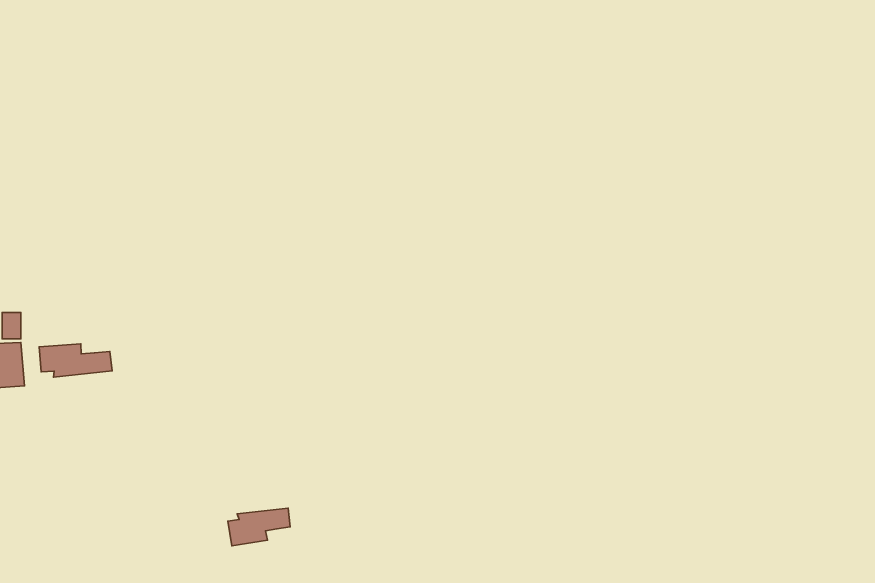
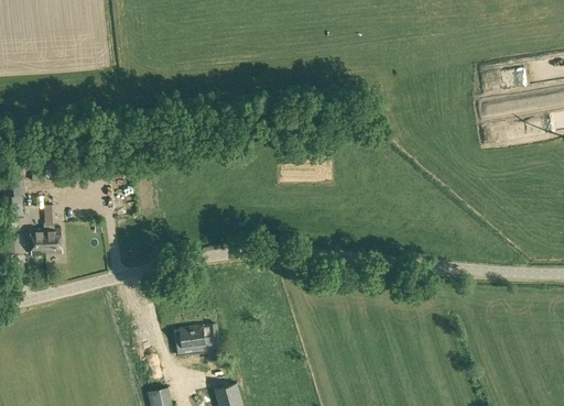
building: [39,344,112,377] -> none

